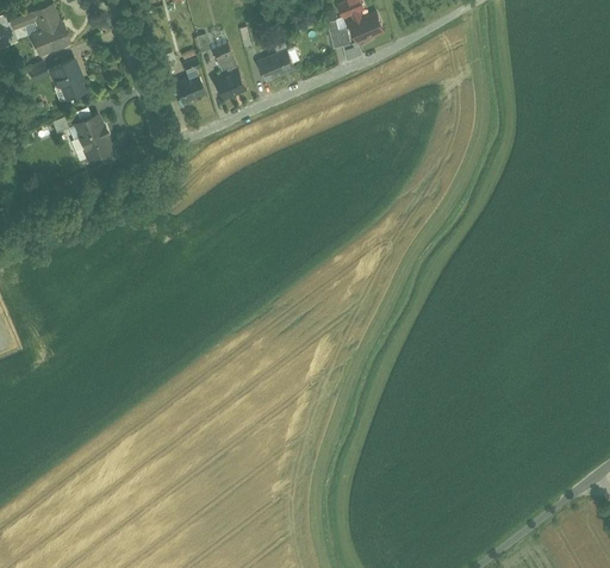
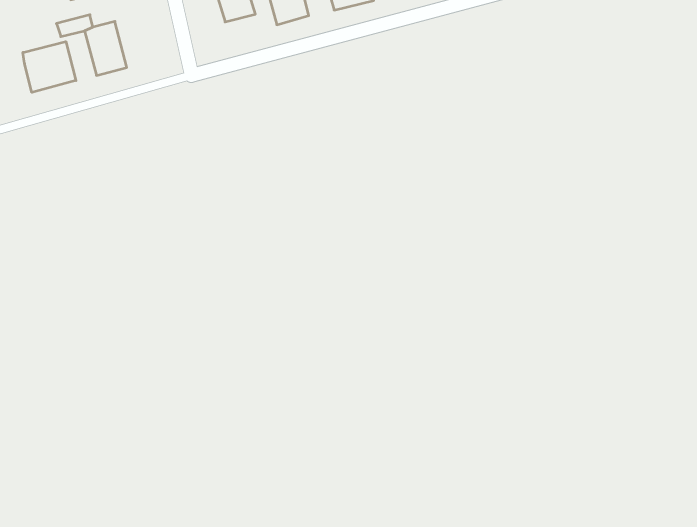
building: none -> [23,42,76,92]

